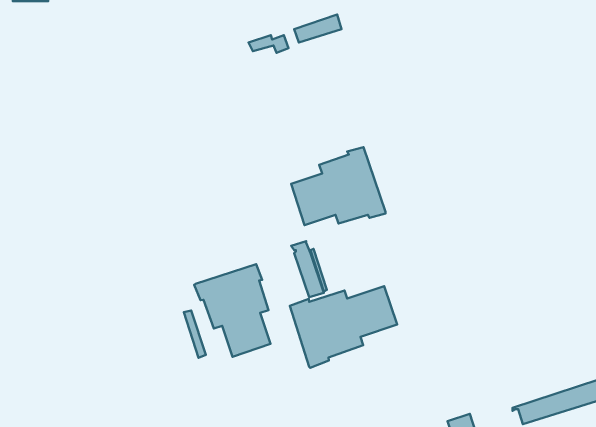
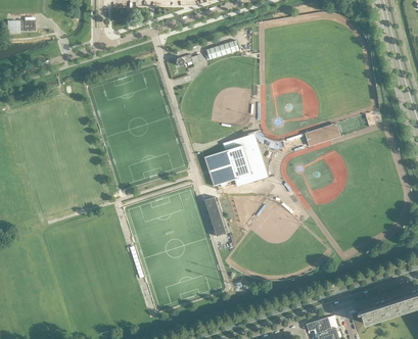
building: [194,264,271,357] -> none
building: [290,286,397,368] -> none

